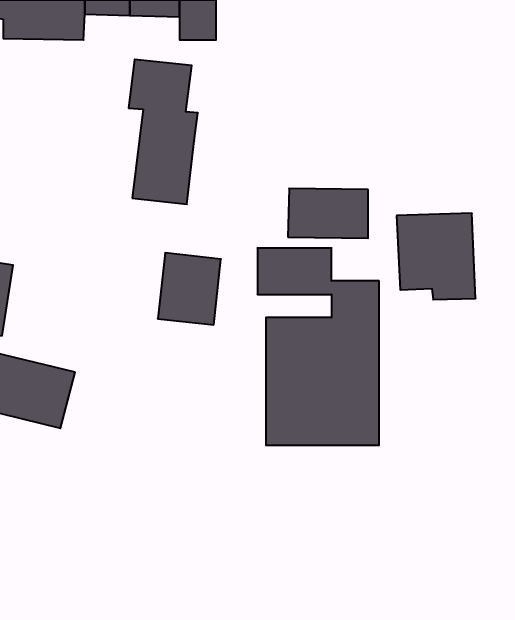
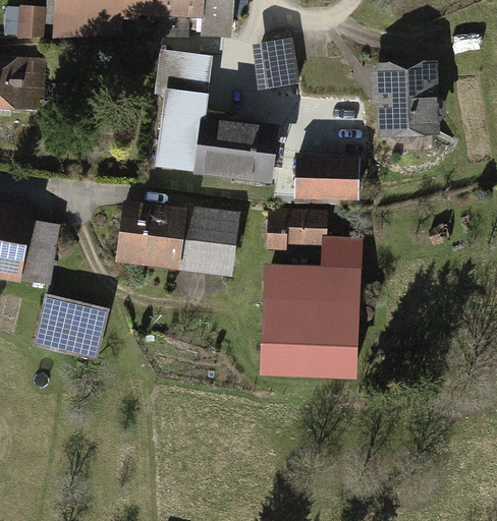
building: none -> [253,40,293,86]
building: none -> [203,119,281,181]
building: [397,213,476,300] -> [374,67,440,139]
building: none -> [114,205,184,268]

